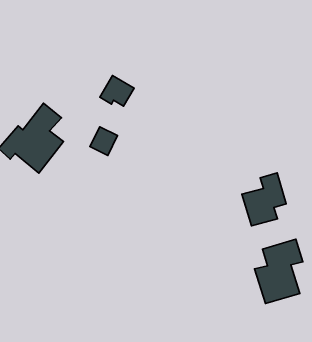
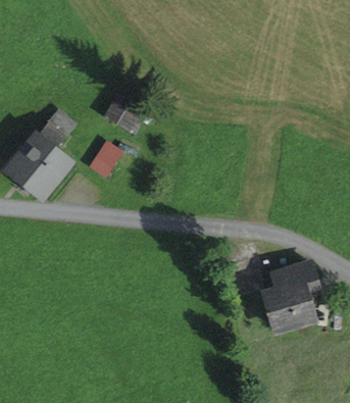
building: [242,173,286,226] -> none

